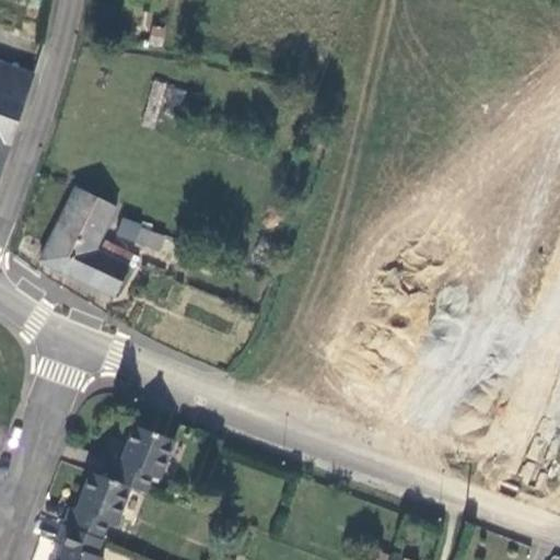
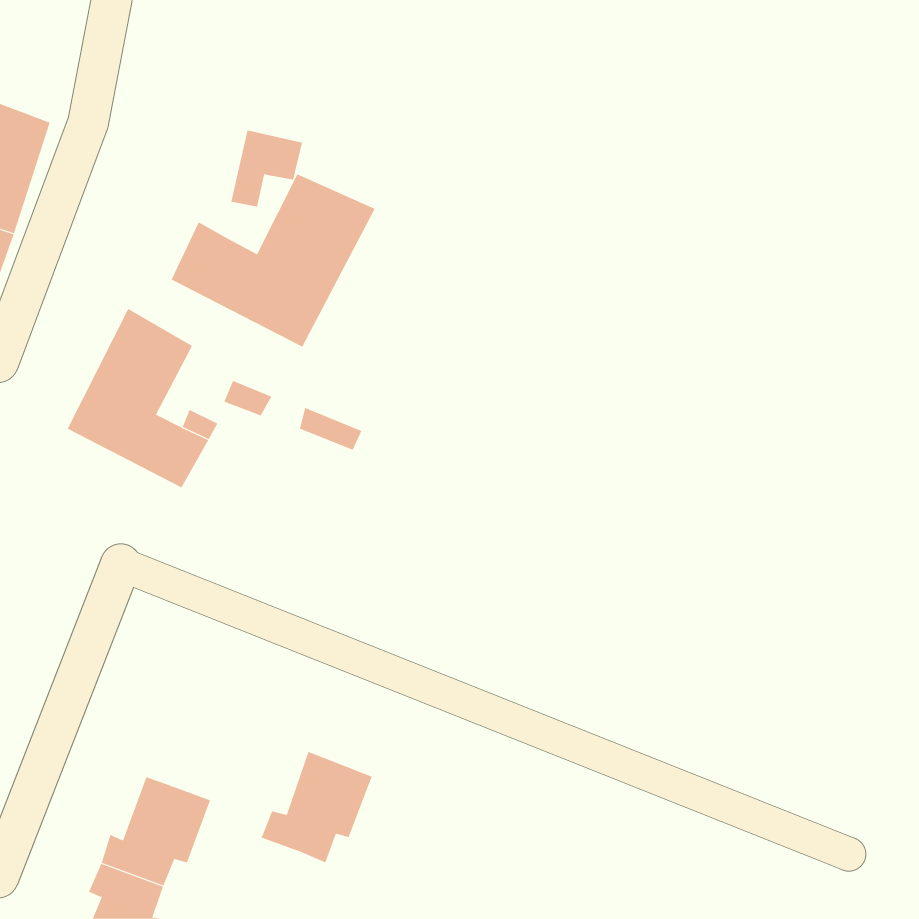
building: none -> [171,173,375,348]
building: [104,424,172,492] -> [261,751,373,863]

